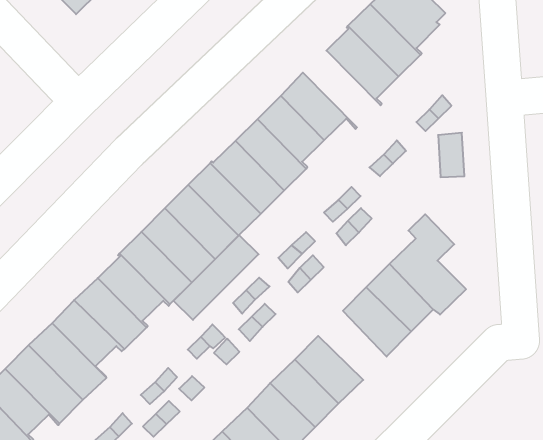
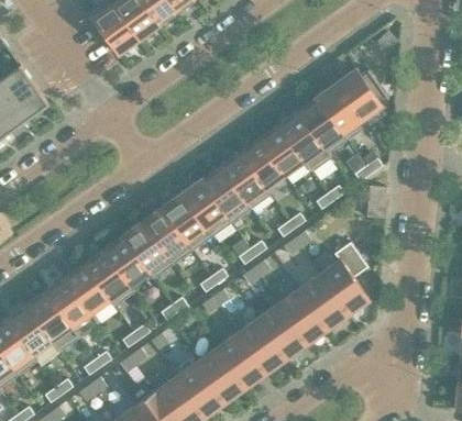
building: none -> [276,111,329,170]
building: [174,235,259,320] -> none
building: none -> [256,302,304,355]

